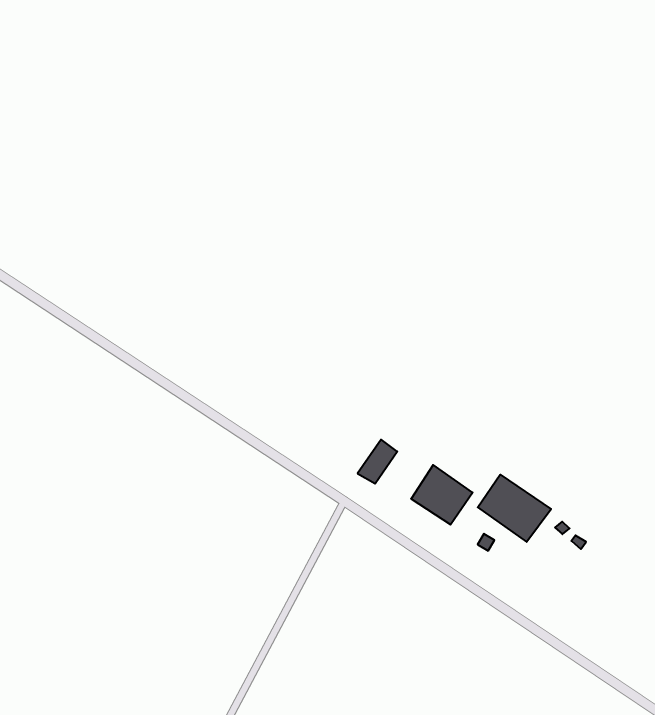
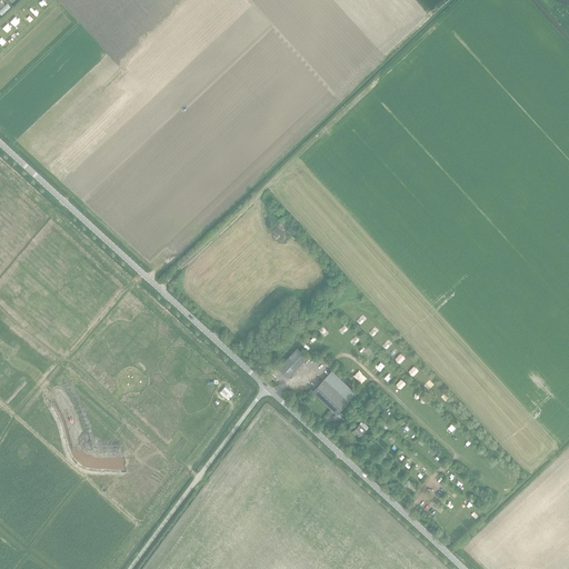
building: [478,475,551,542] -> none

